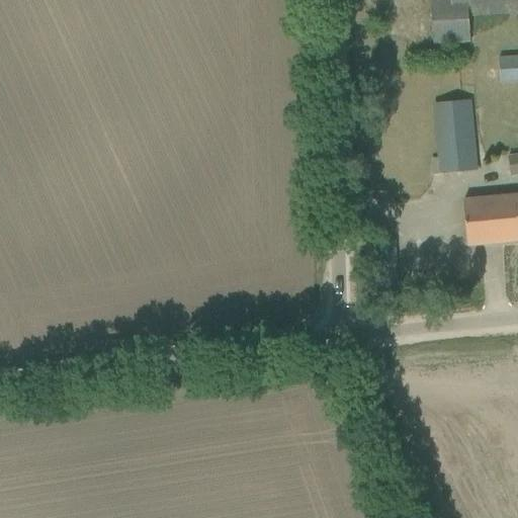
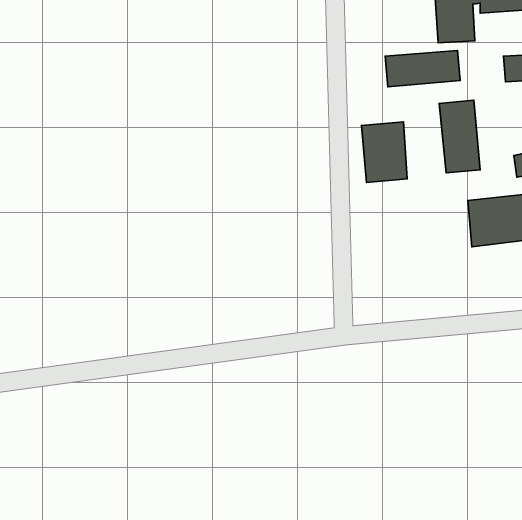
building: none -> [385,51,460,87]
building: none -> [361,122,407,182]

